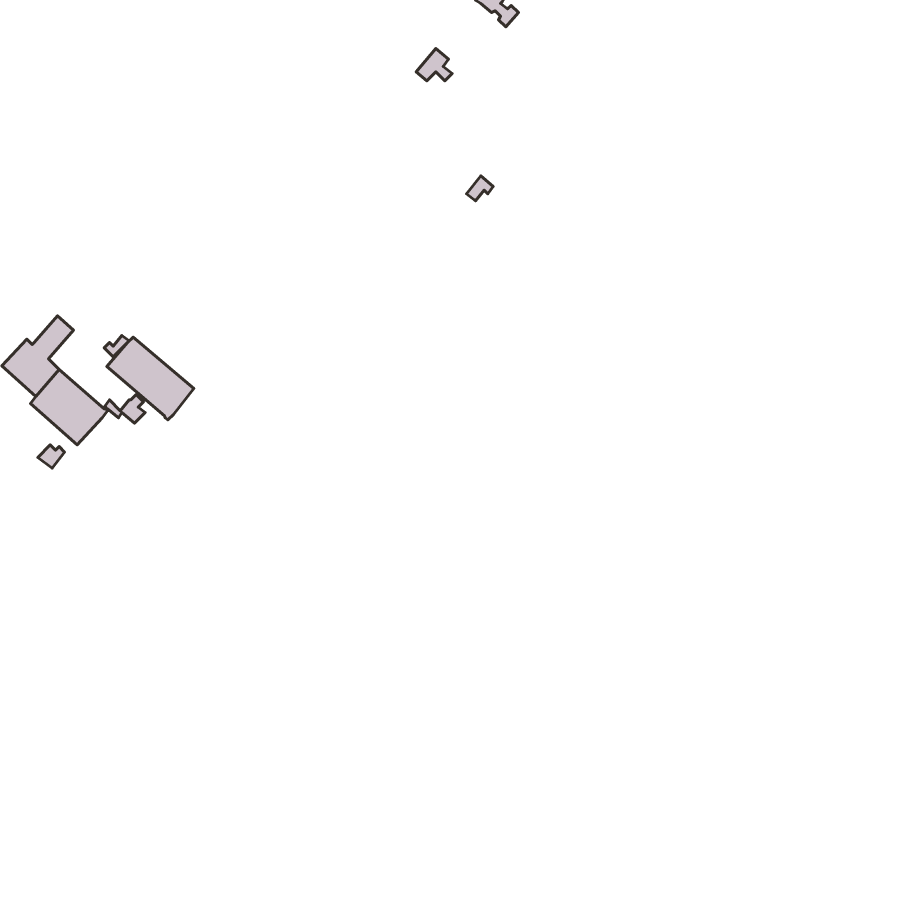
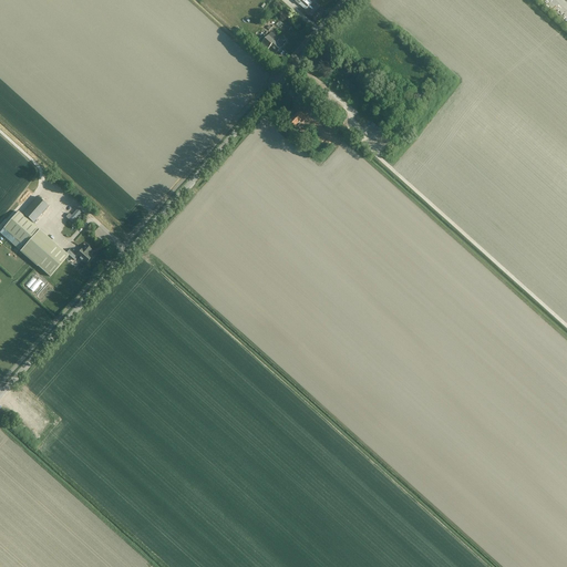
building: [107,337,194,420] -> none

